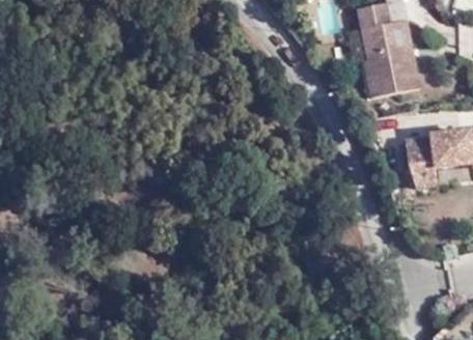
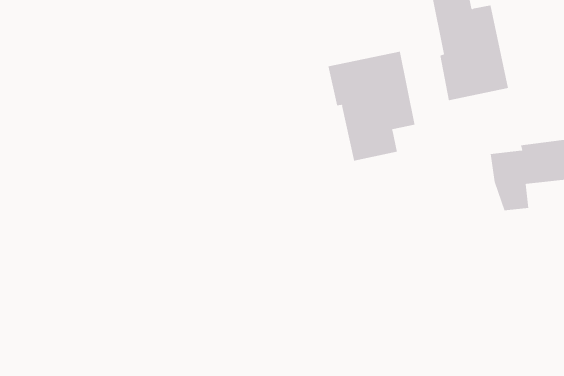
building: none -> [328,51,415,161]

